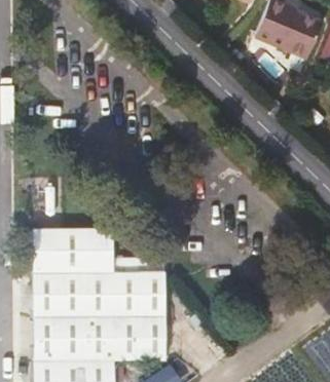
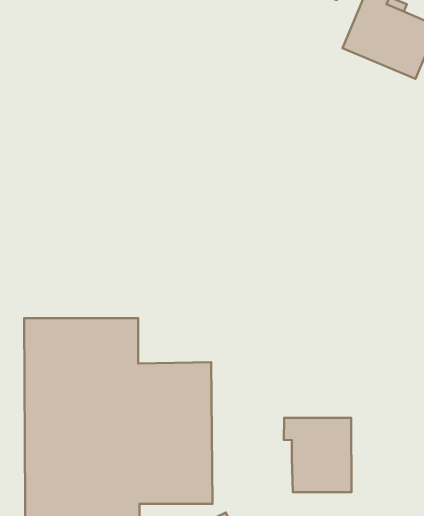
building: none -> [284,418,352,492]

